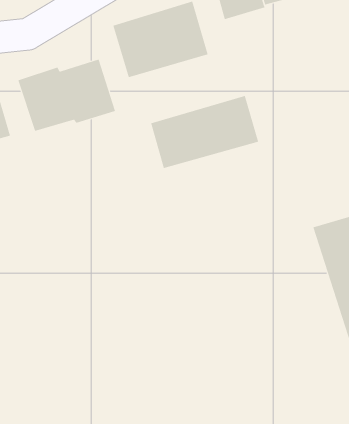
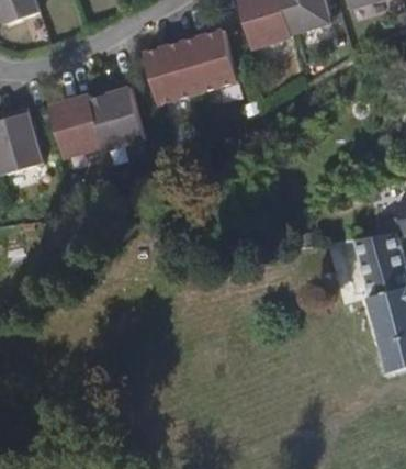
building: [151,95,259,169] -> none

